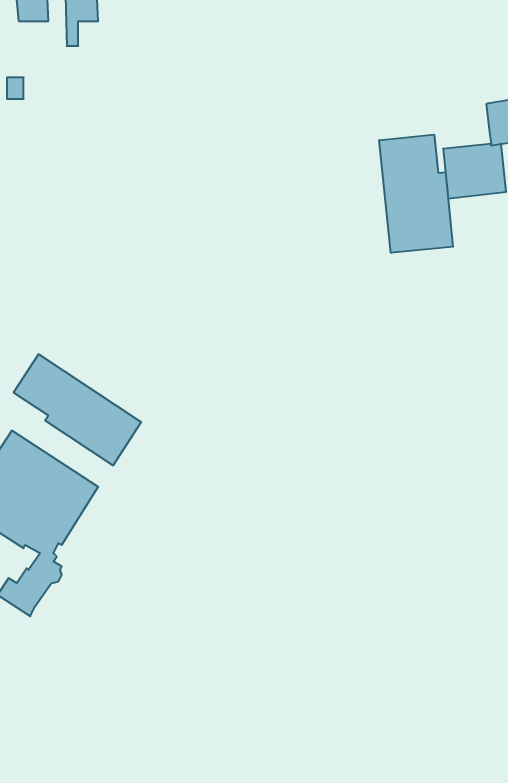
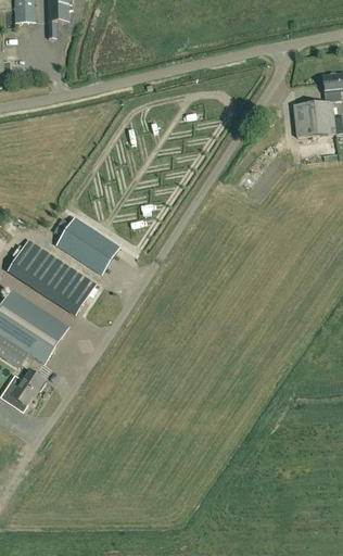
building: [379,135,453,253] -> none
building: none -> [56,217,119,274]

